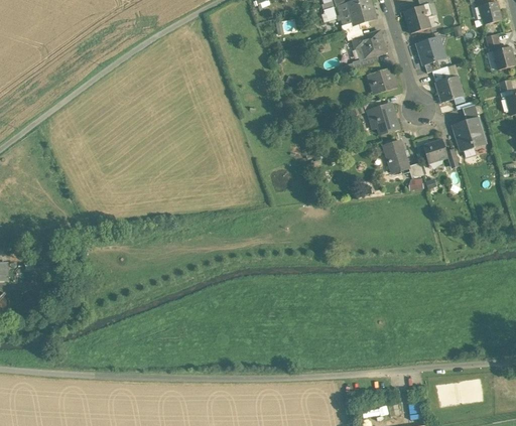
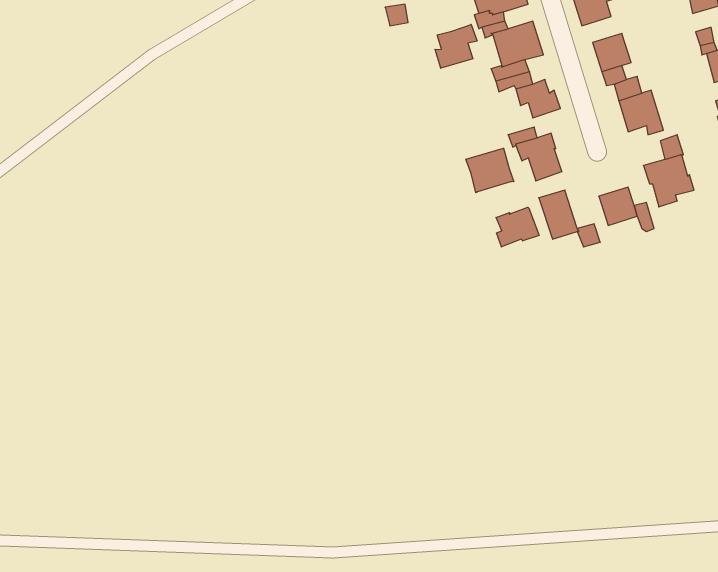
building: none -> [435,24,477,68]
building: none -> [466,148,514,193]
building: none -> [496,207,539,247]

